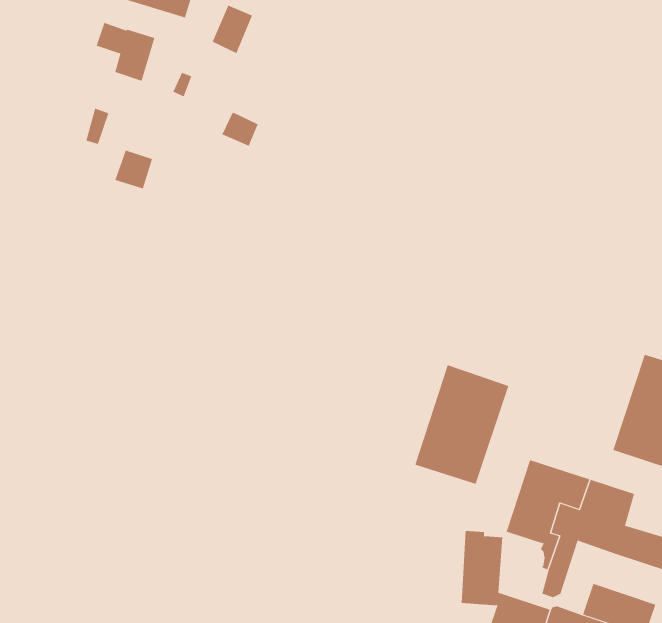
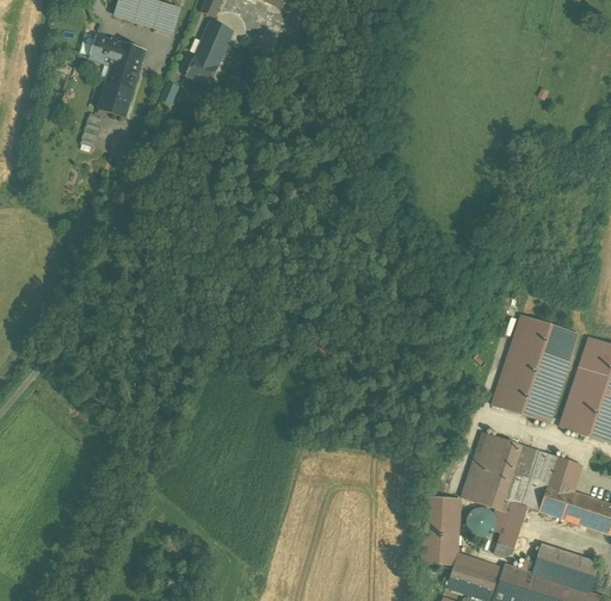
building: [222,112,258,147] -> [186,54,220,85]
building: [115,150,153,189] -> [99,81,134,117]
building: [414,365,509,484] -> [493,314,579,422]
building: none -> [467,506,498,537]

